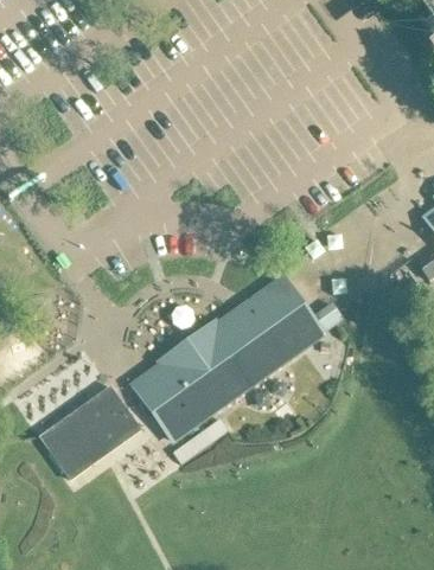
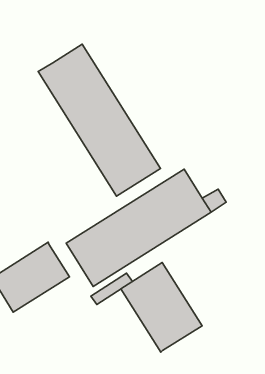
building: none -> [38,44,160,196]
building: none -> [121,262,202,352]

